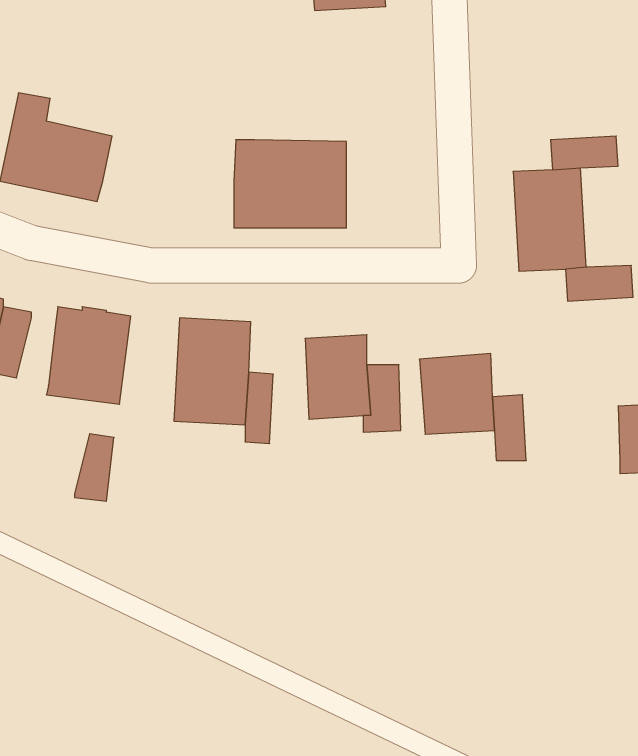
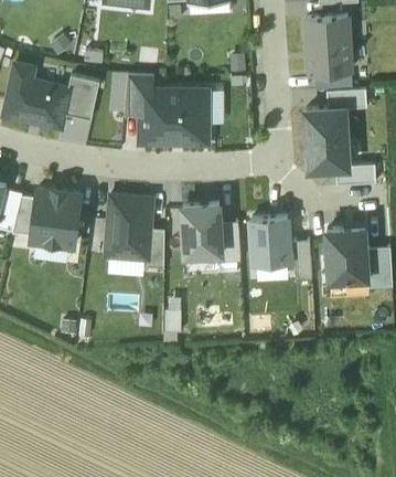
building: none -> [307,17,351,75]
building: none -> [63,75,99,121]
building: none -> [124,75,152,116]
building: none -> [325,230,367,283]
building: [75,434,114,501] -> [12,197,35,236]

